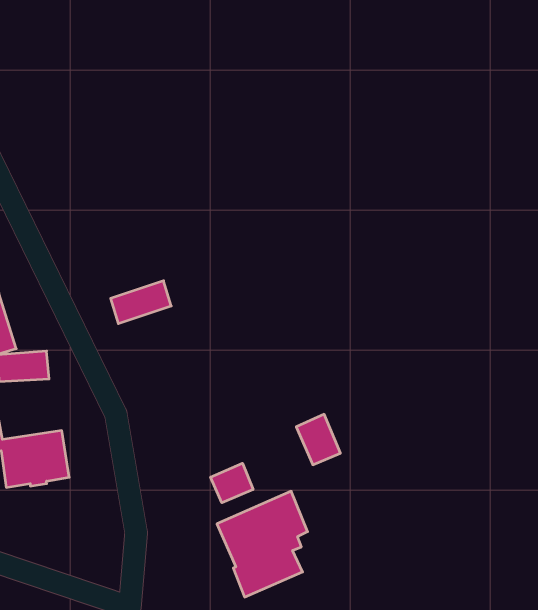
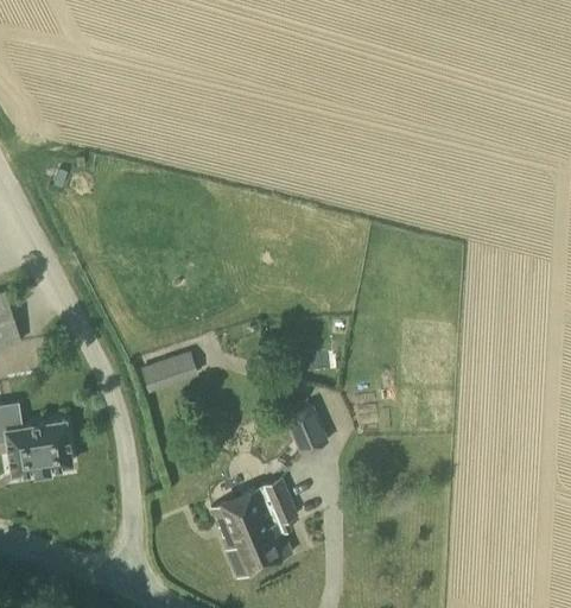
building: [111,281,171,324] -> [140,350,197,391]
building: [211,463,253,503] -> none

